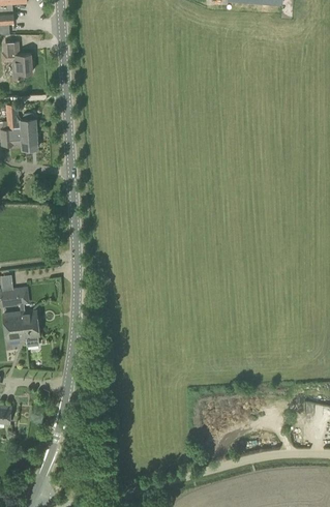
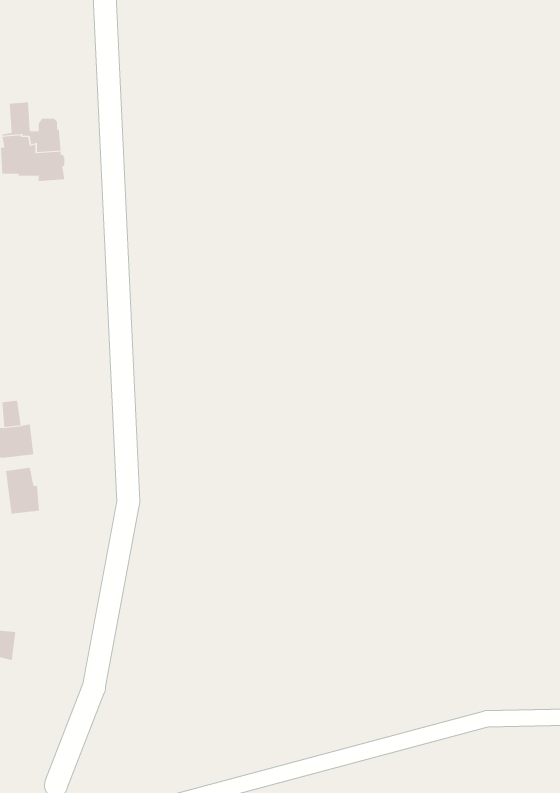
building: [6,51,32,79] -> none
building: [19,309,39,346] -> none

